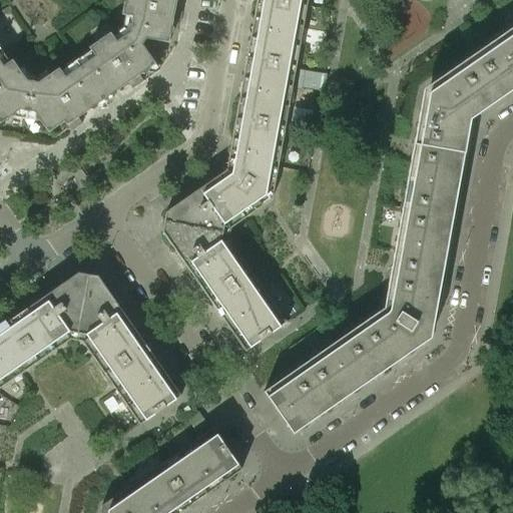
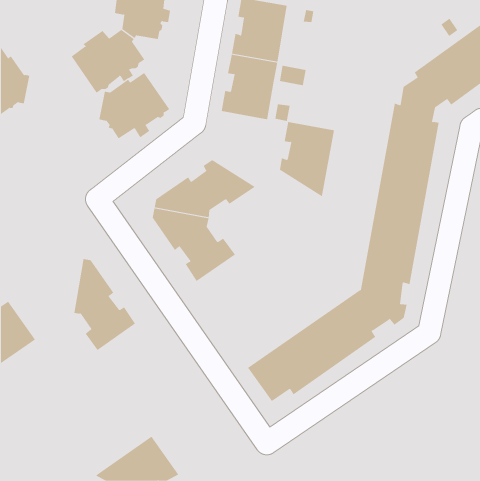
building: [28,60,104,131] -> [98,72,170,139]
building: [227,118,287,198] -> [279,122,335,197]
building: [210,271,288,351] -> none
building: [11,273,90,361] -> none
building: [105,344,182,424] -> none
building: [163,428,242,504] -> none

